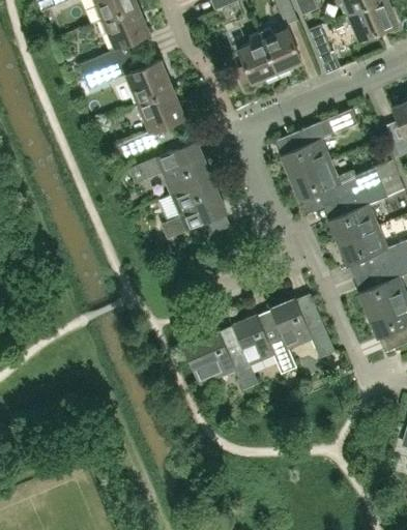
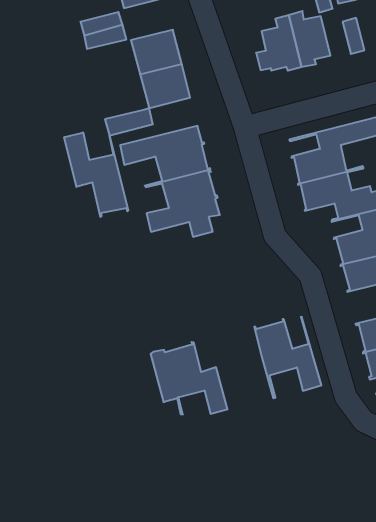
building: none -> [64,132,128,217]
building: [232,314,296,384] -> none

